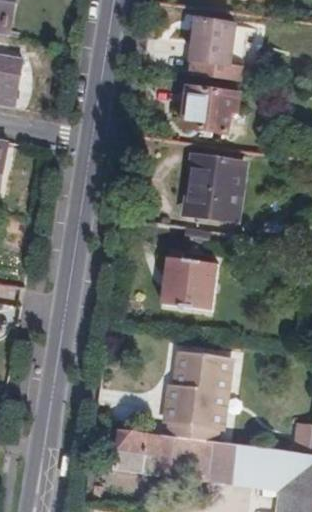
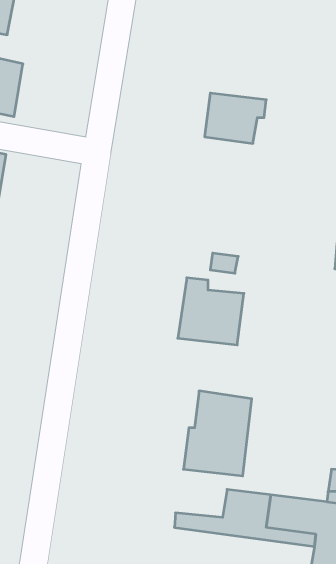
building: [189,19,247,80] -> none
building: [187,155,242,221] -> none
building: [114,429,203,474] -> none

